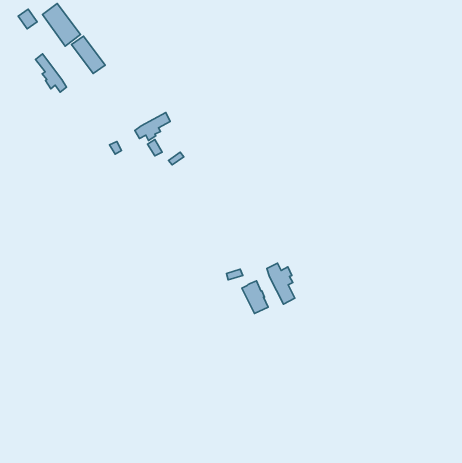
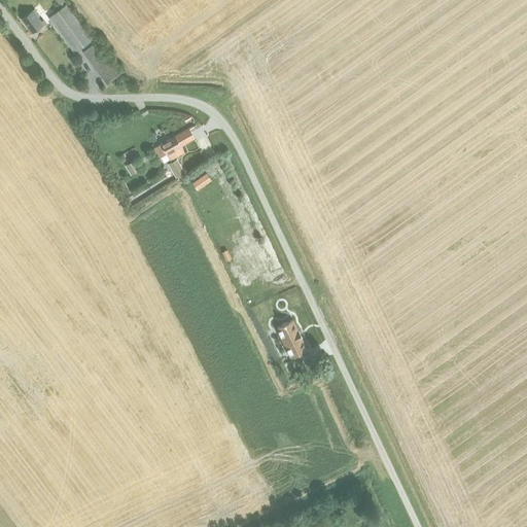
building: [36,54,67,92] -> none
building: [267,263,295,304] -> none

